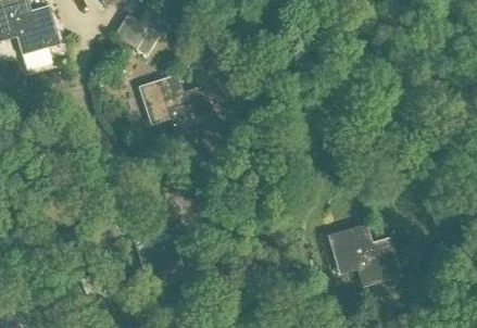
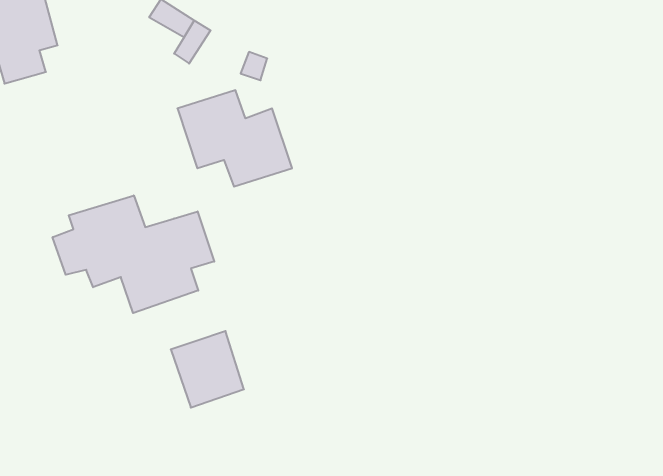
building: none -> [53,195,214,313]
building: [327,227,398,288] -> none

